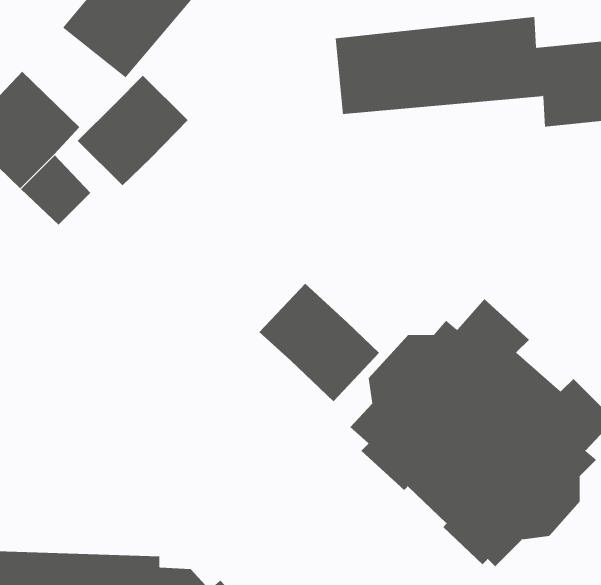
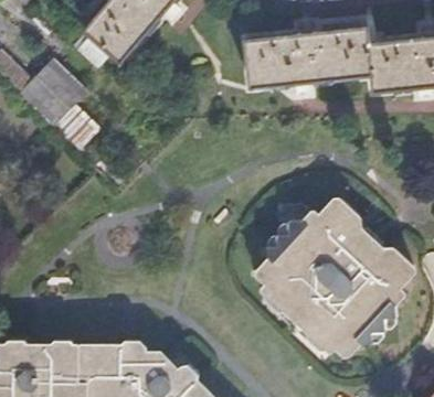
building: [77,75,188,186] -> none
building: [259,283,380,402] -> none

